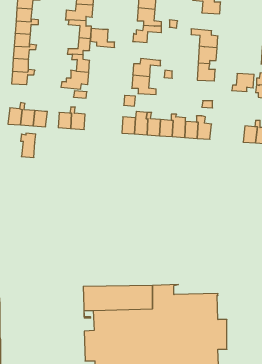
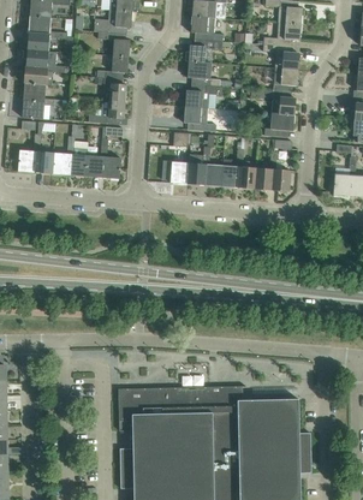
building: none -> [263,22,302,46]
building: [90,29,115,47] -> [188,60,220,85]
building: [232,74,254,91] -> [264,112,294,136]
building: [21,133,36,157] -> [67,143,88,175]

